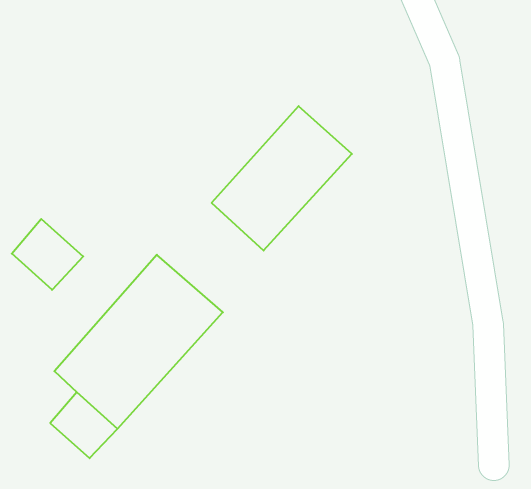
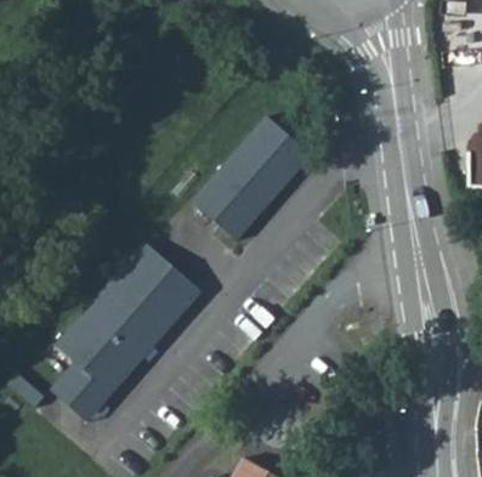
building: [12,219,83,290] -> none

